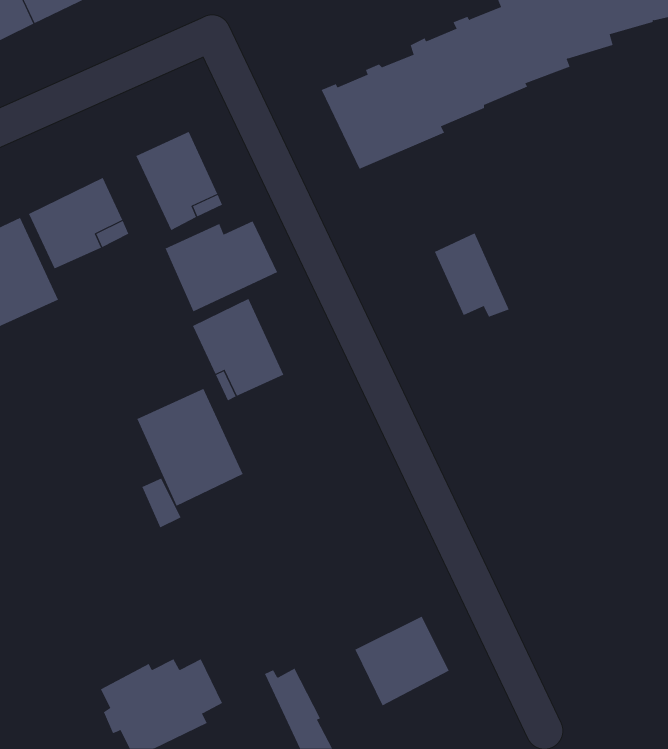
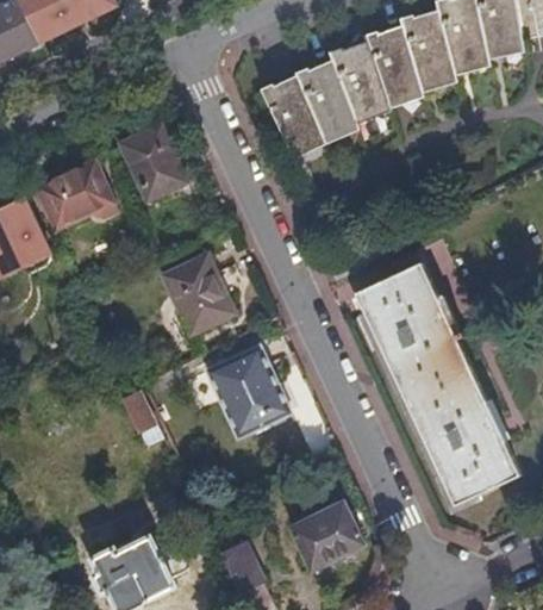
building: [165,220,278,312] -> none
building: [434,232,510,318] -> none
building: none -> [356,262,517,505]
building: [136,388,244,506] -> [207,347,291,438]

